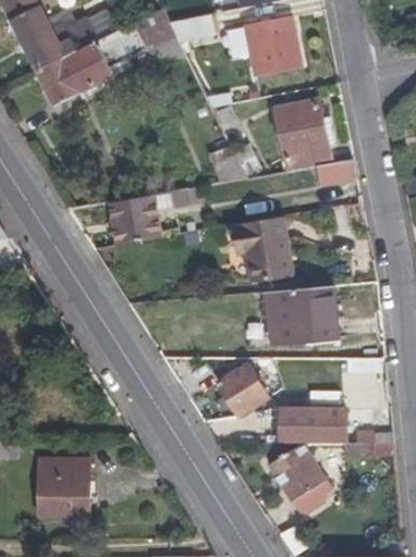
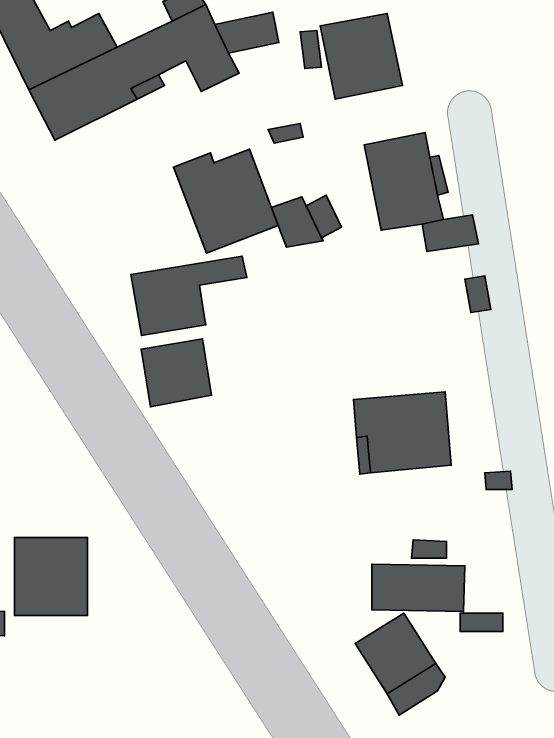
building: none -> [173,149,278,253]
building: [236,215,293,283] -> none
building: none -> [141,339,212,407]
building: [218,364,268,416] -> none
building: [37,459,89,515] -> [14,538,88,615]

